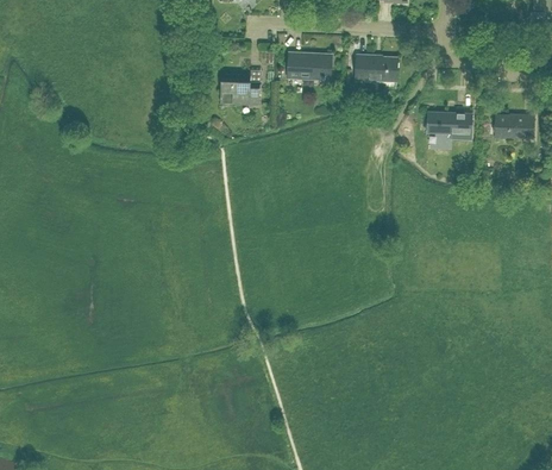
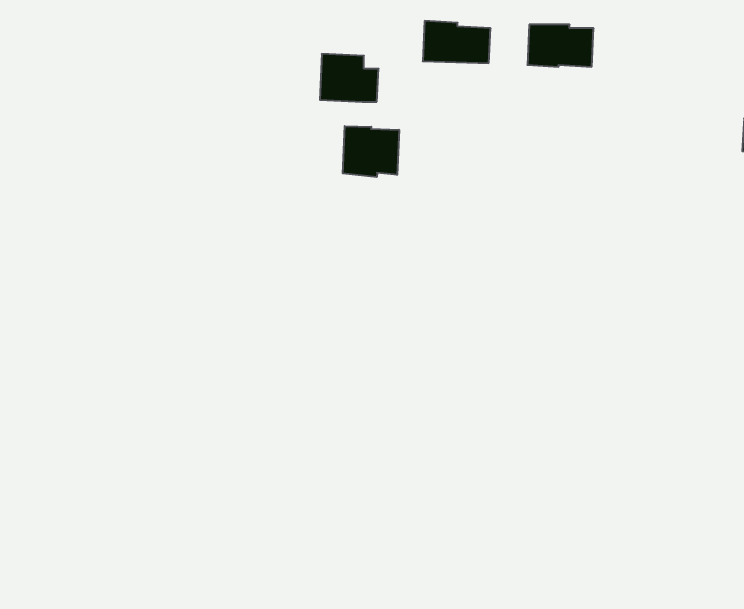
building: [427,113,471,139] -> none
building: none -> [343,126,399,177]

